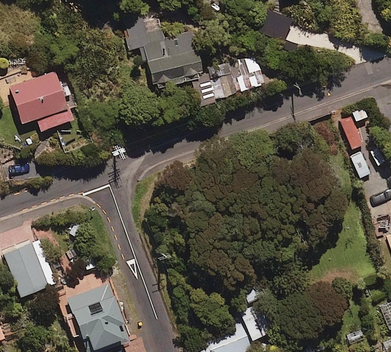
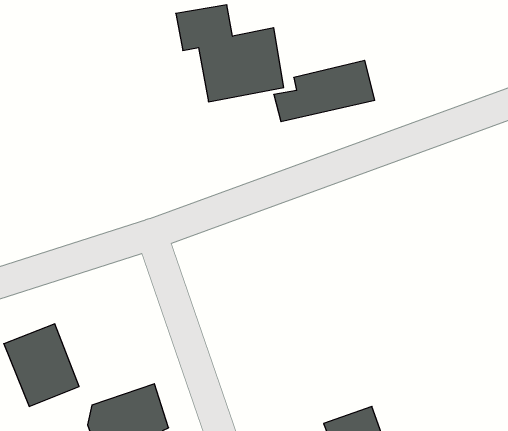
building: [7,72,71,130] -> none

